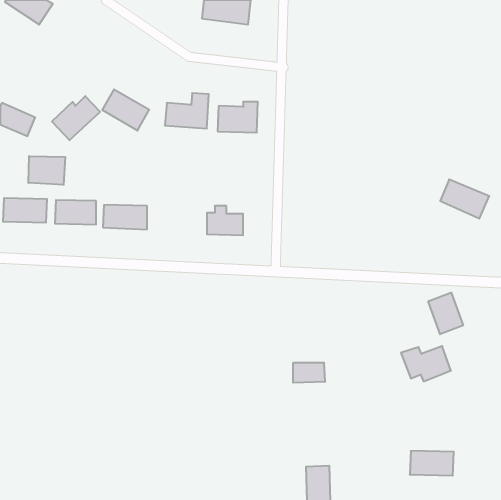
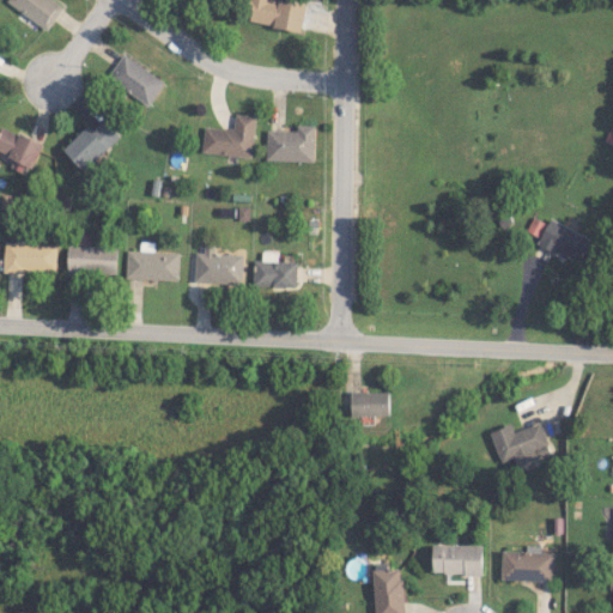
building: [102,89,149,131] -> [108,55,165,105]
building: [28,156,65,185] -> none
building: none -> [194,253,243,285]
building: [428,293,463,334] -> none
building: [293,363,325,383] -> [351,393,390,417]
building: none -> [433,545,482,575]

